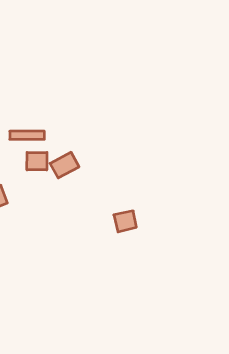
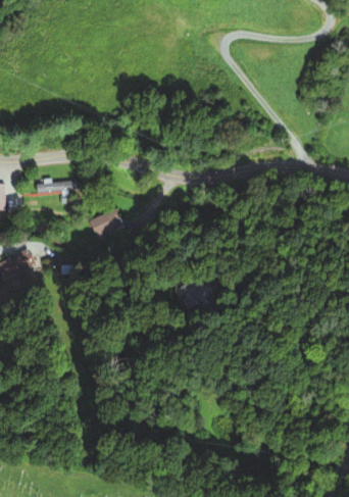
building: [27,152,47,170] -> none

